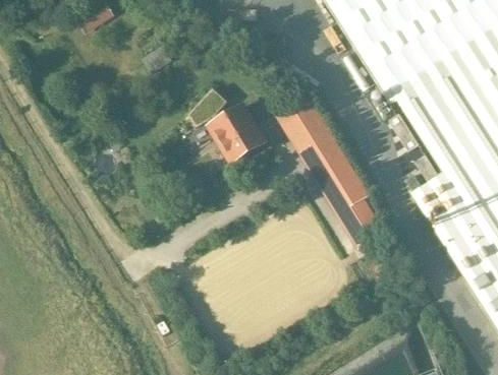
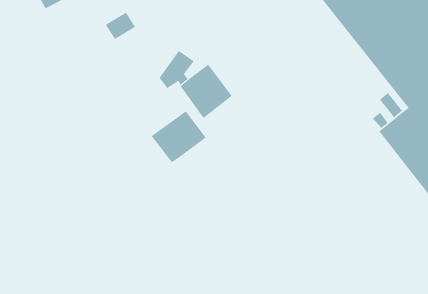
building: [280,101,384,249] -> none
building: none -> [151,110,206,163]

